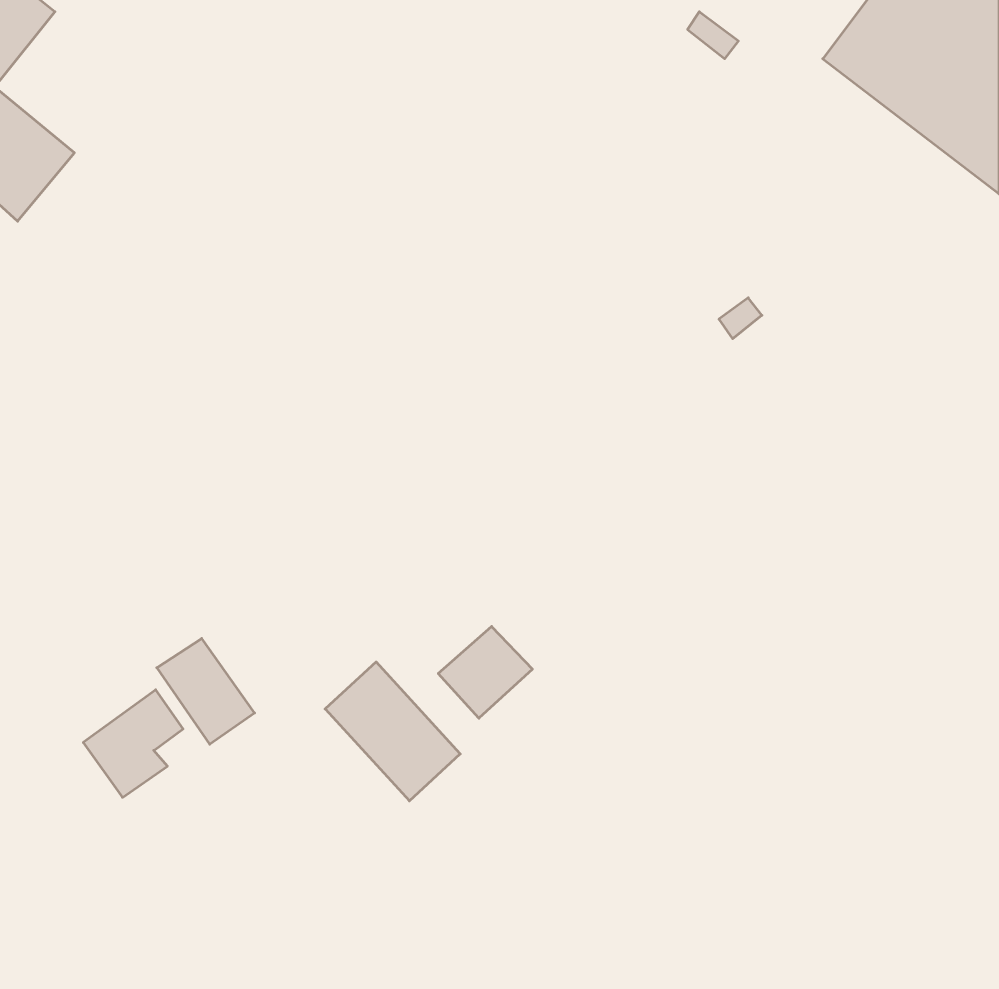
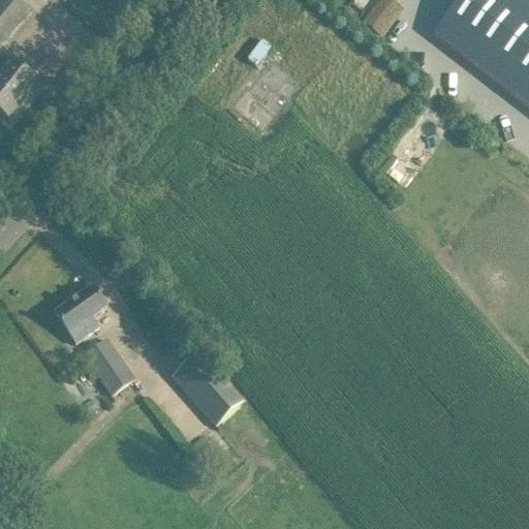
building: [438,626,532,718] -> none
building: [83,690,183,797] -> [54,283,106,340]

